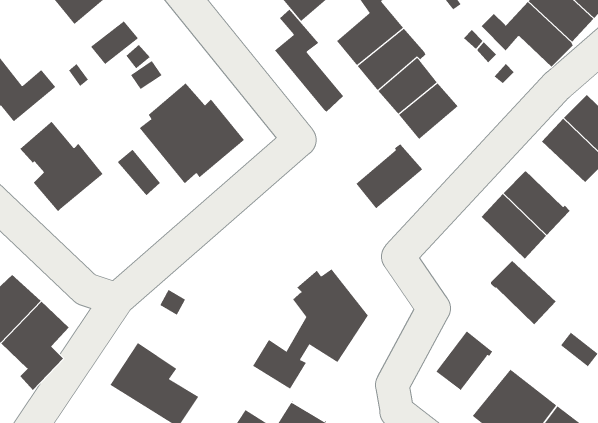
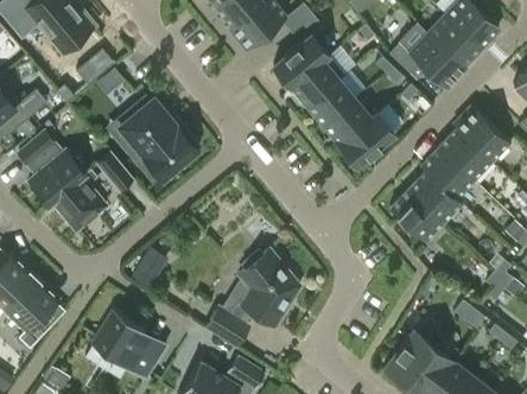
building: [274,9,344,112] -> none
building: [355,143,423,209] -> [339,113,394,166]
building: none -> [51,167,108,231]
building: [490,260,556,325] -> [420,147,474,199]
building: [435,330,493,392] -> none

